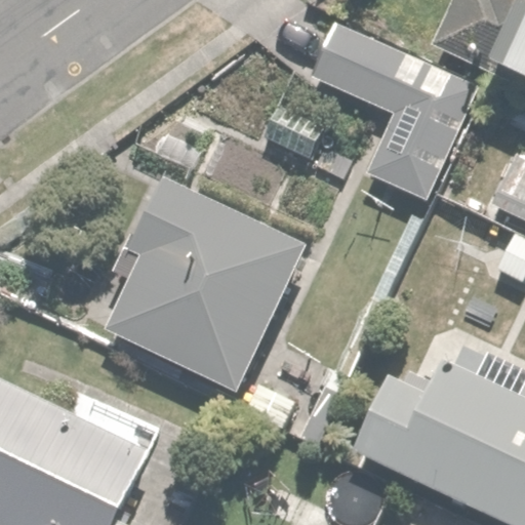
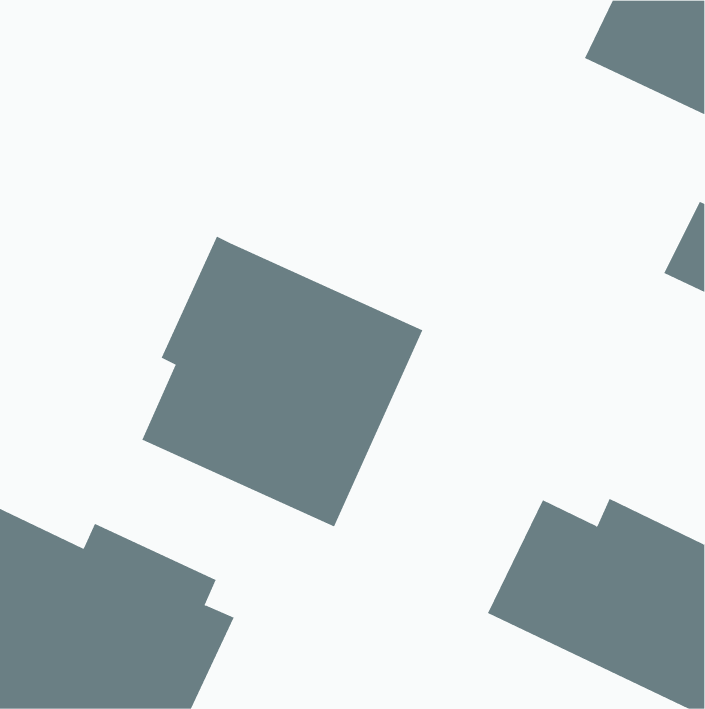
building: [309,25,465,202] -> none

